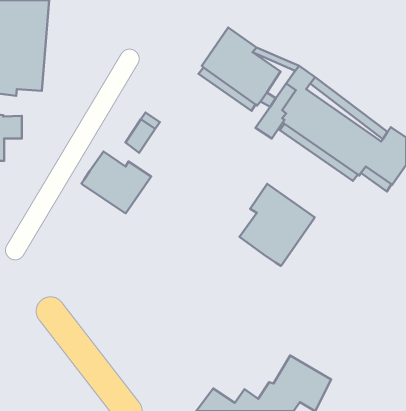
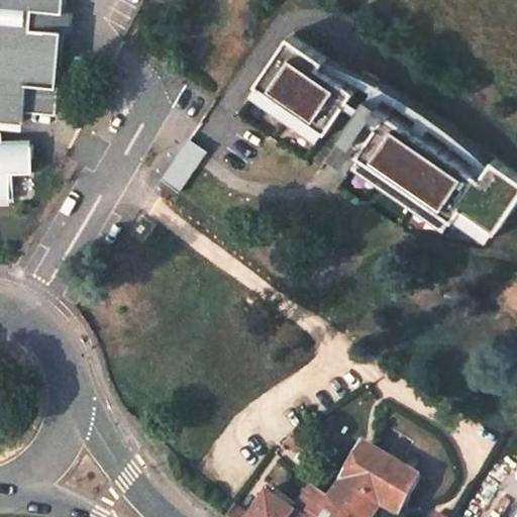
building: [82,151,151,213] -> none
building: [239,184,314,266] -> none

